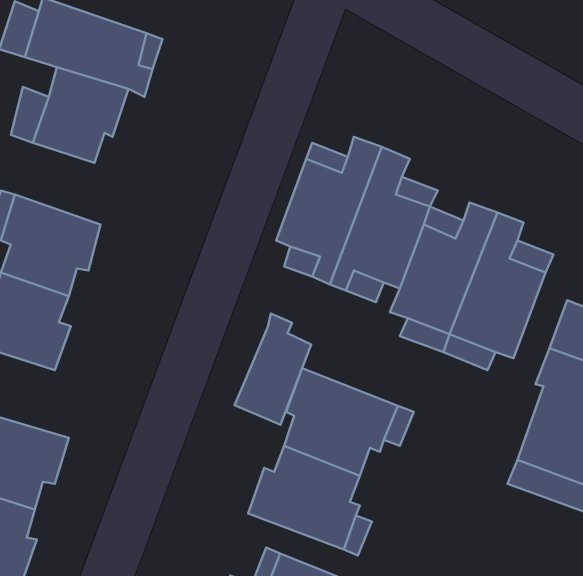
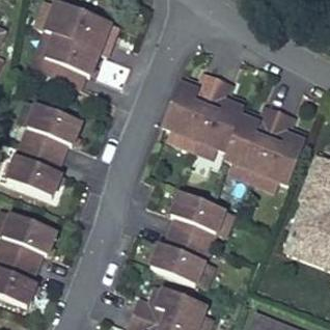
building: [235,313,311,425] -> none

